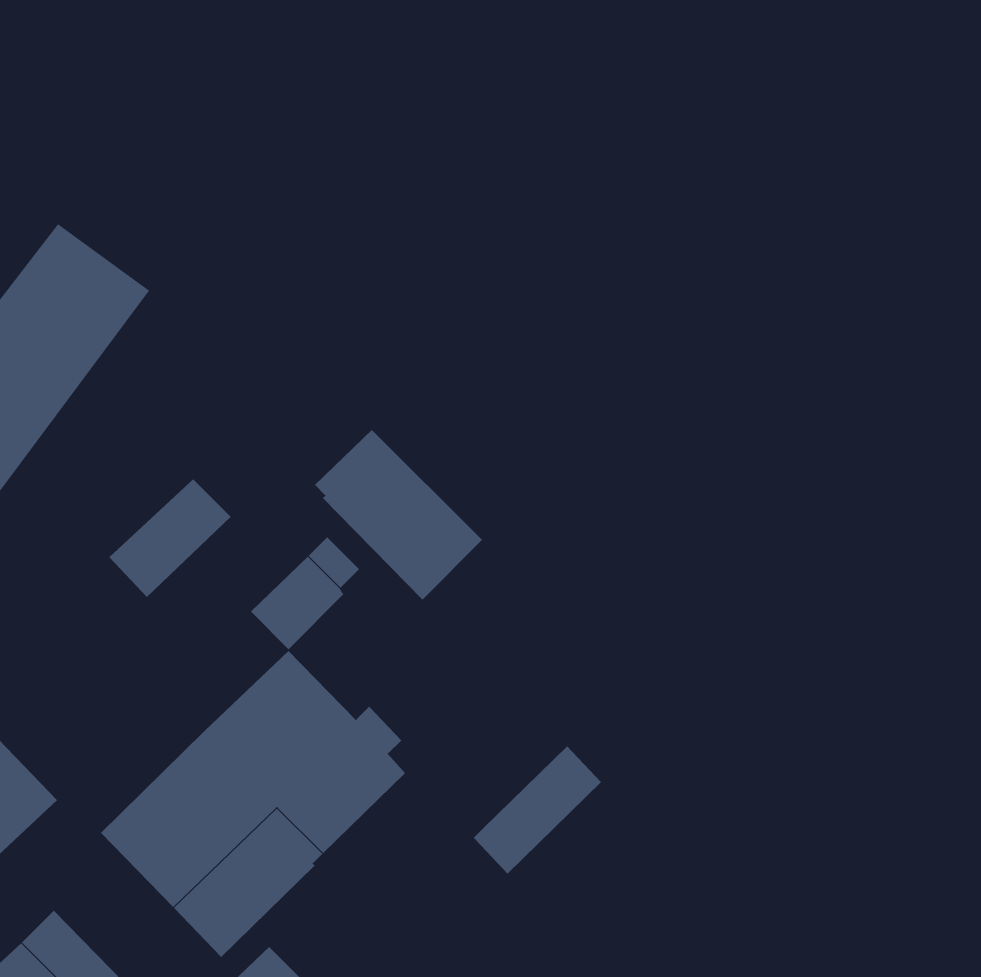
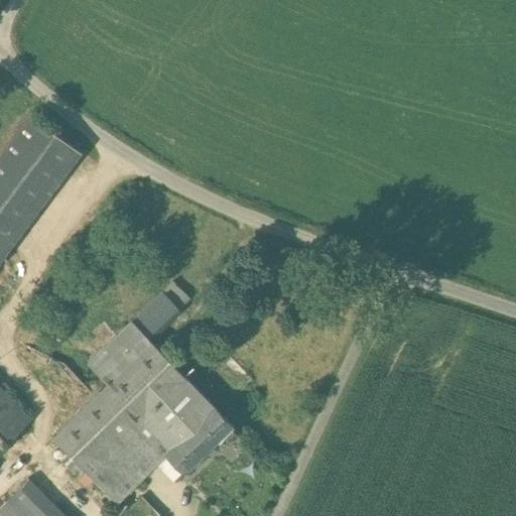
building: [314,429,483,600] -> none
building: [109,478,232,598] -> [87,324,151,386]
building: [473,746,602,874] -> [164,407,232,475]

